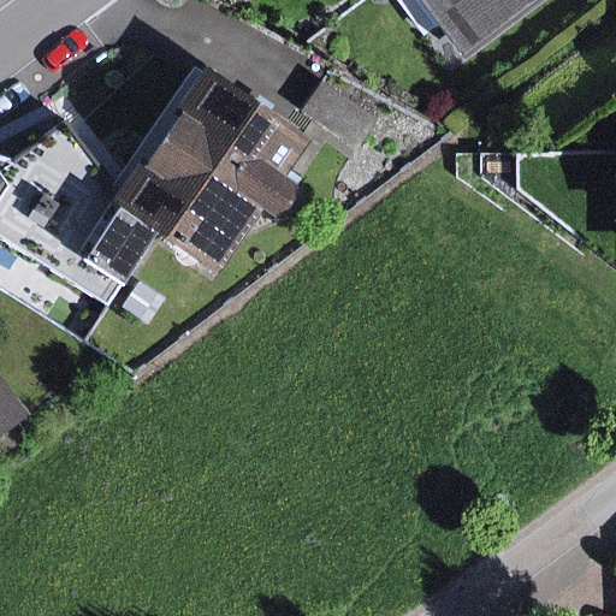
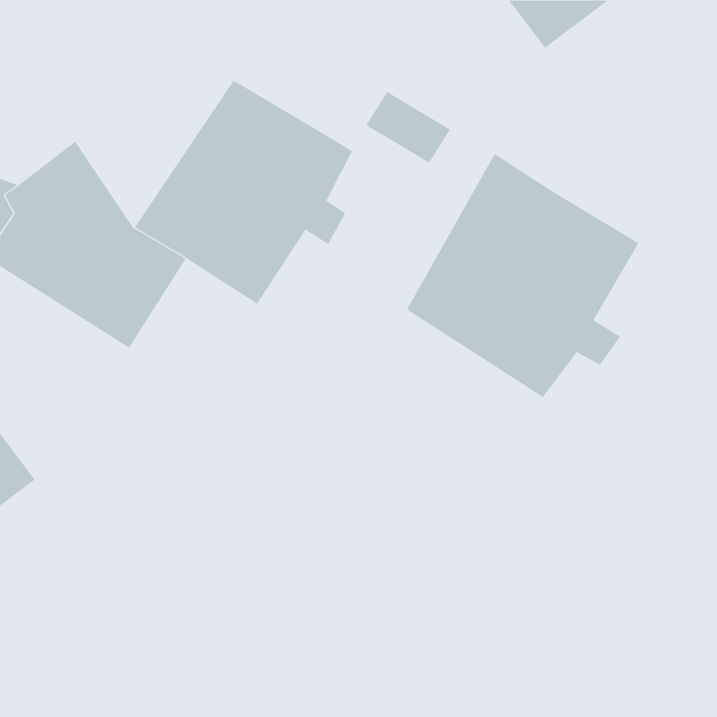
building: none -> [406,153,639,398]

